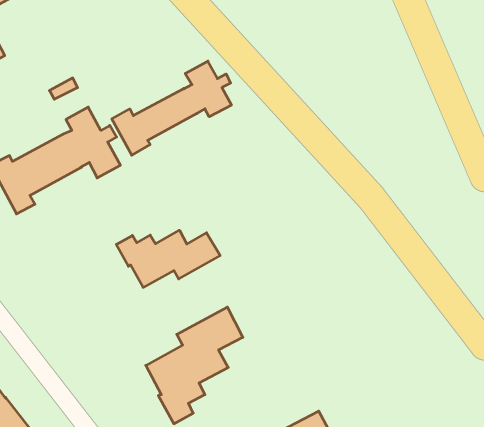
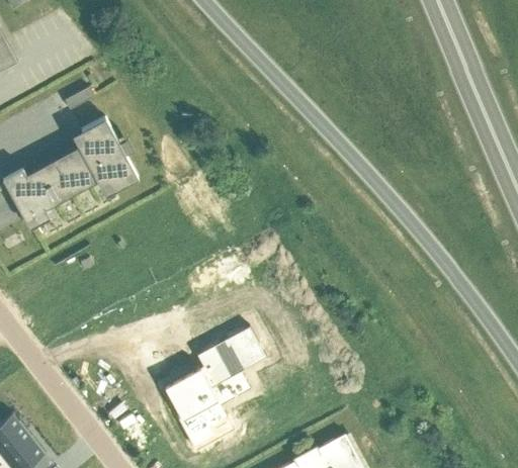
building: [112,61,231,155] -> none
building: [116,230,220,287] -> none

